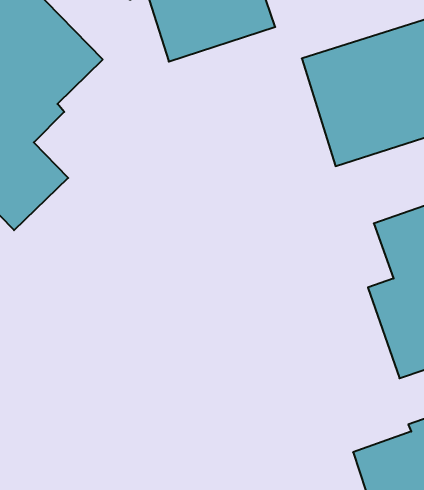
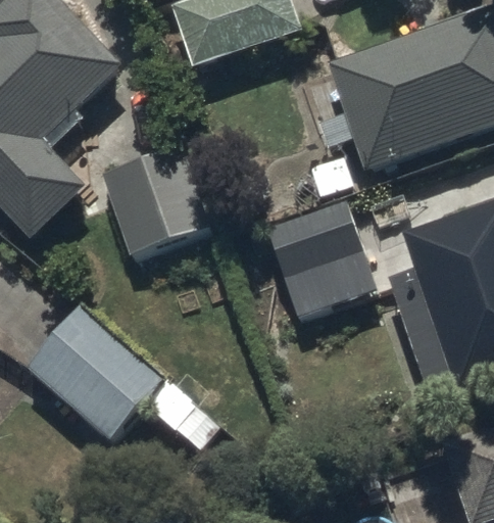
building: none -> [101,145,211,252]
building: none -> [267,200,376,315]
building: none -> [28,302,162,434]

